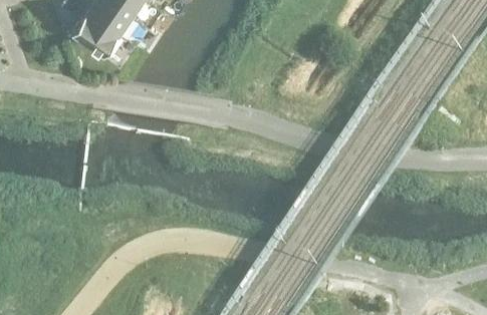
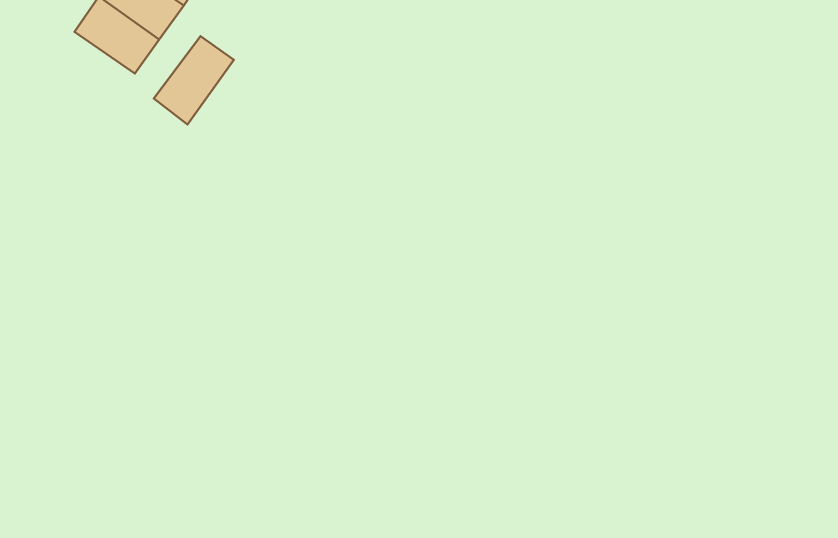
building: none -> [154,36,234,124]

